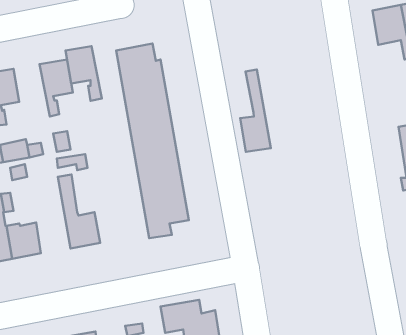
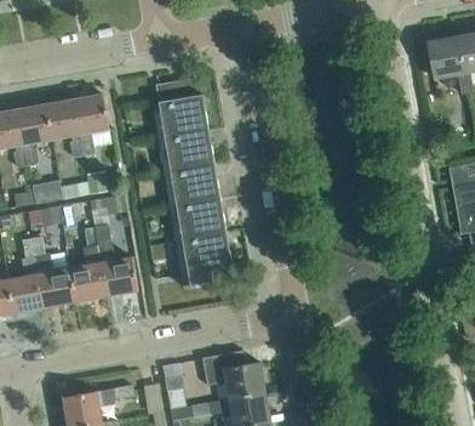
building: [65,46,102,101] -> [45,100,84,158]
building: [240,69,271,152] -> none
building: none -> [69,220,105,301]

